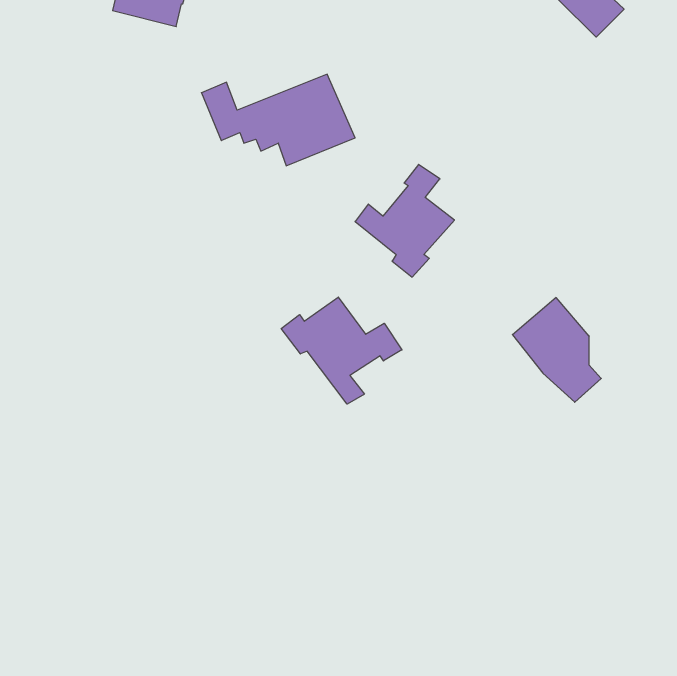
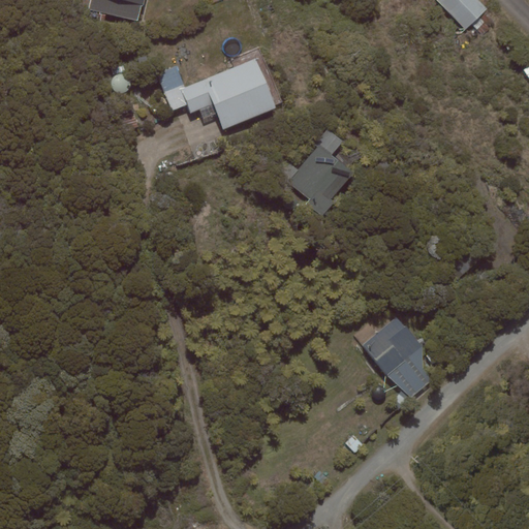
building: [281,297,402,404] -> none
building: [512,298,601,402] -> [363,315,432,397]

